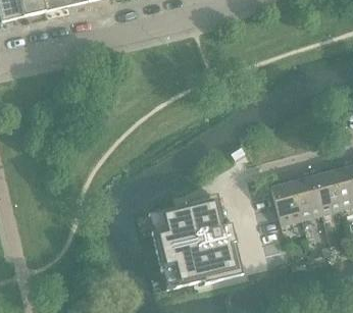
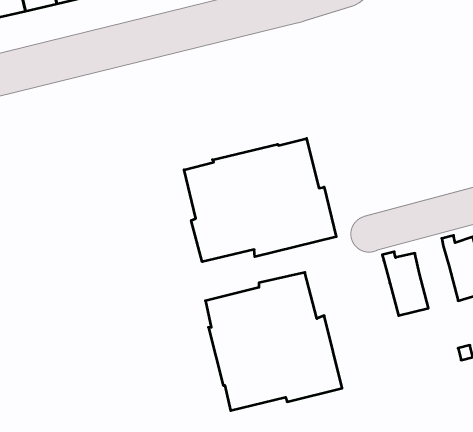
building: none -> [184,138,336,262]
building: [291,170,320,218] -> none

